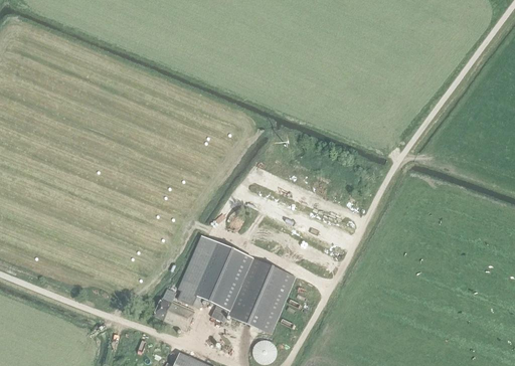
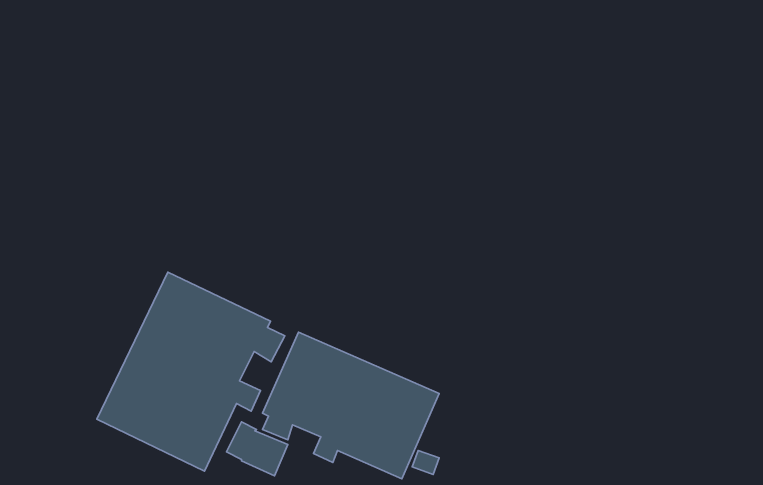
building: none -> [97,272,285,471]

